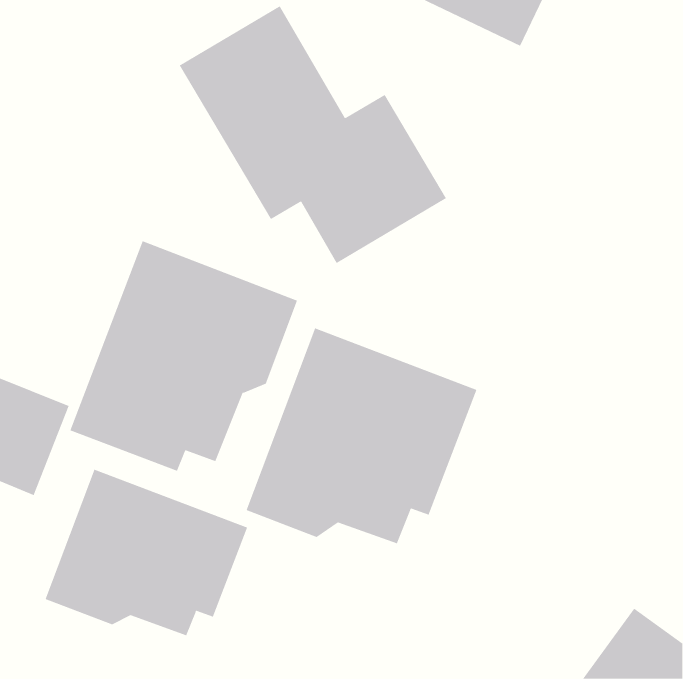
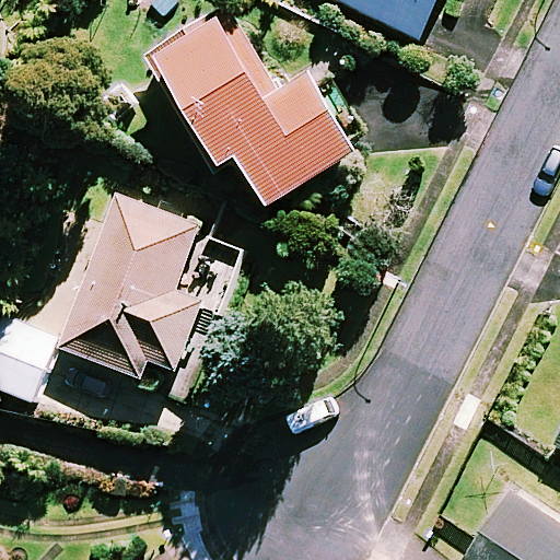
building: [246,327,477,544] -> none
building: [45,469,248,636] -> none

